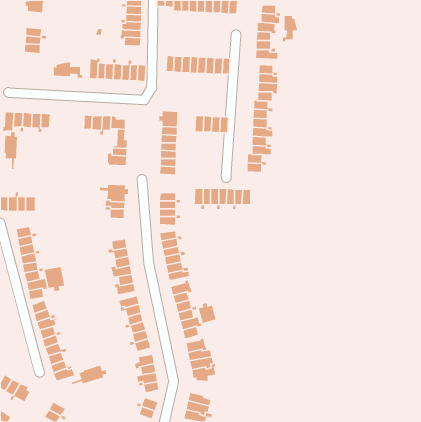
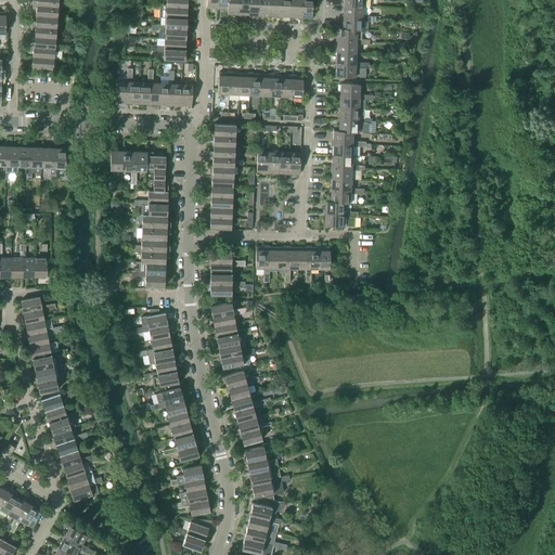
building: none -> [31,15,57,38]
building: [282,15,298,42] -> none
building: [53,61,83,79] -> none
building: none -> [210,124,236,146]
building: [4,131,18,170] -> none
building: none -> [142,217,171,241]
building: [44,266,65,292] -> none
building: [198,303,217,324] -> none
building: [71,364,107,385] -> none
building: none -> [250,500,286,525]

